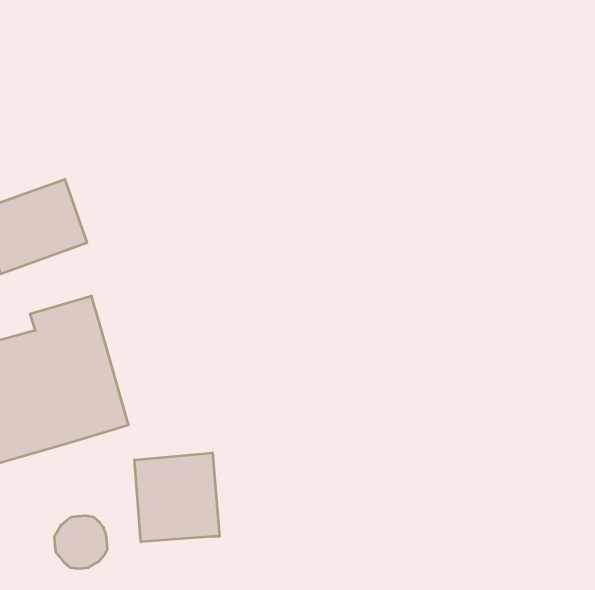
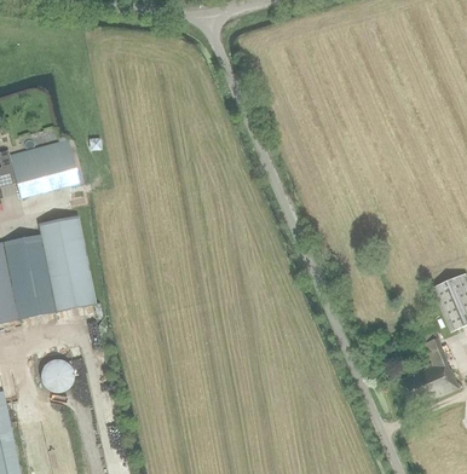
building: [135,453,219,542] -> none

